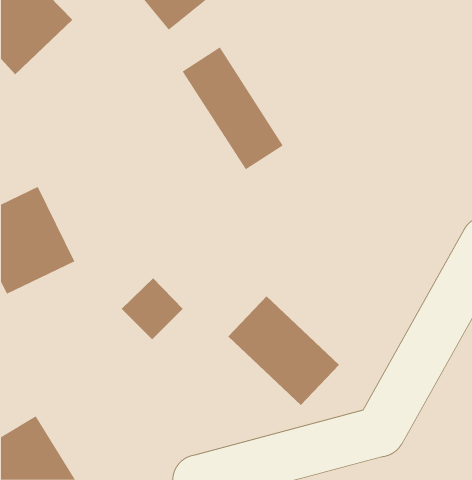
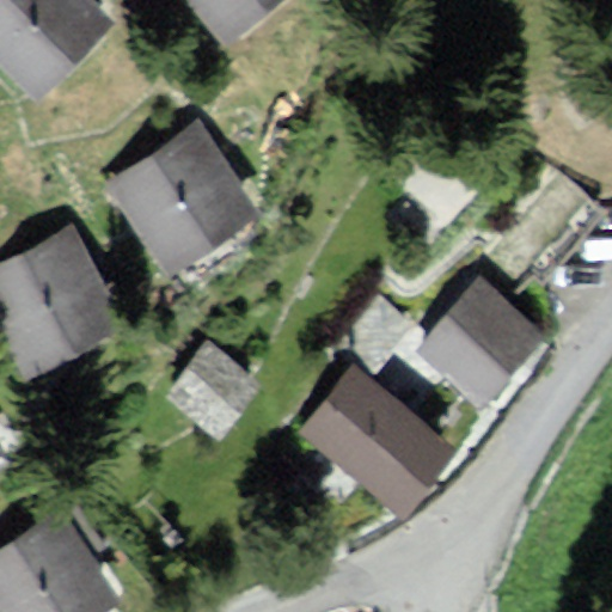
building: [182,47,284,170] -> none
building: none -> [111,131,249,269]
building: none -> [422,290,536,404]

